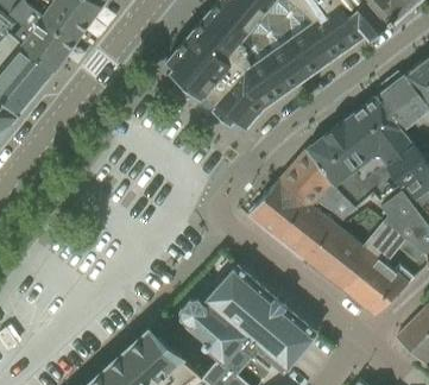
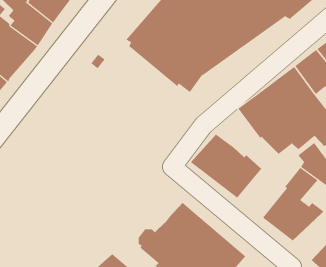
building: [278,150,345,213] -> none
building: [305,225,366,285] -> none

